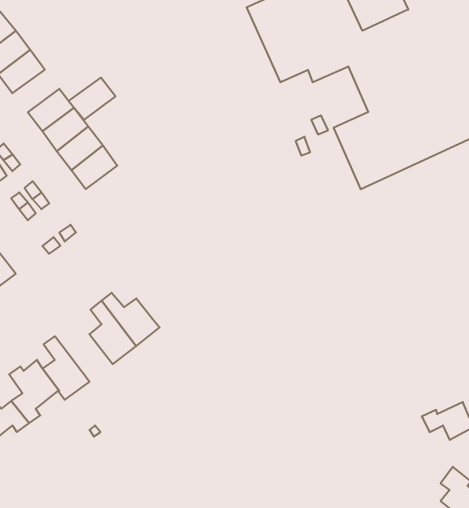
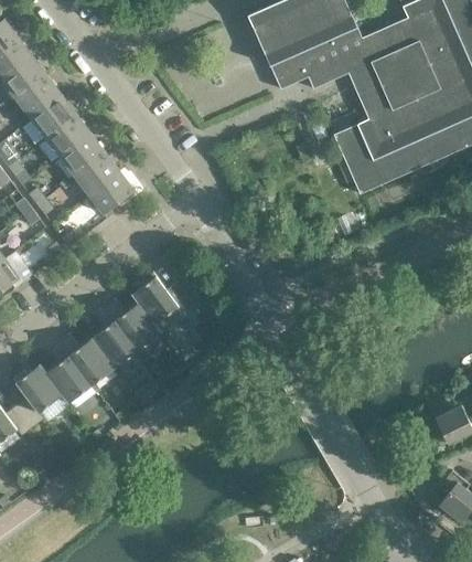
building: [69,78,115,120] -> [17,76,63,118]
building: none -> [89,171,135,214]
building: none -> [132,272,194,331]
building: none -> [58,332,116,385]

